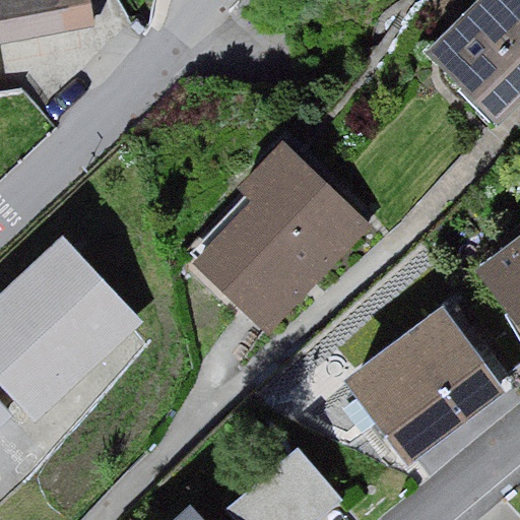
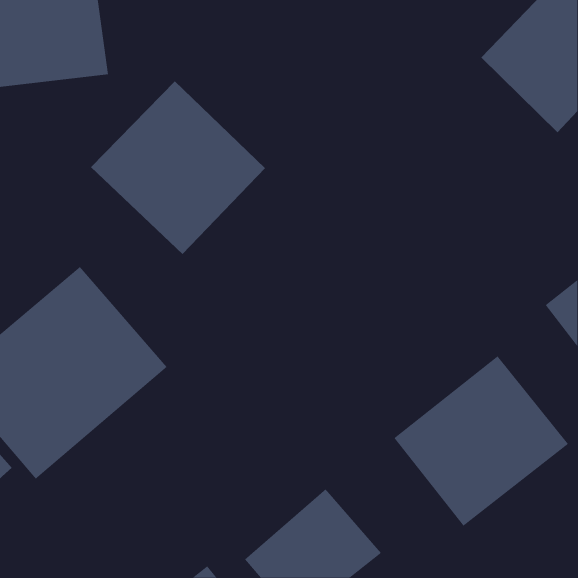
building: none -> [90,80,266,255]
building: [186,150,366,330] -> none

